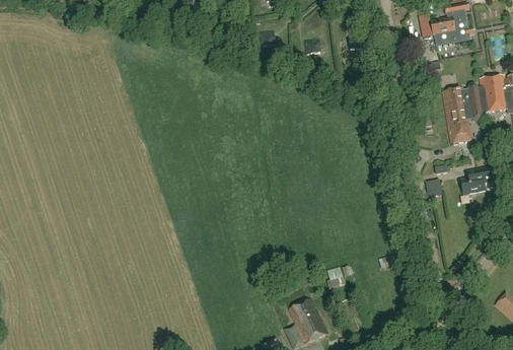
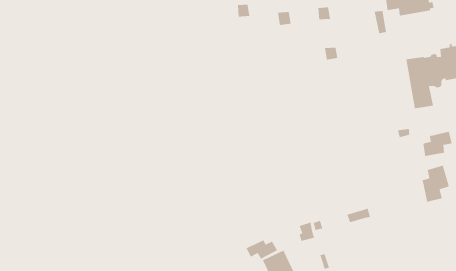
building: none -> [422,165,449,202]
building: none -> [246,239,278,259]

